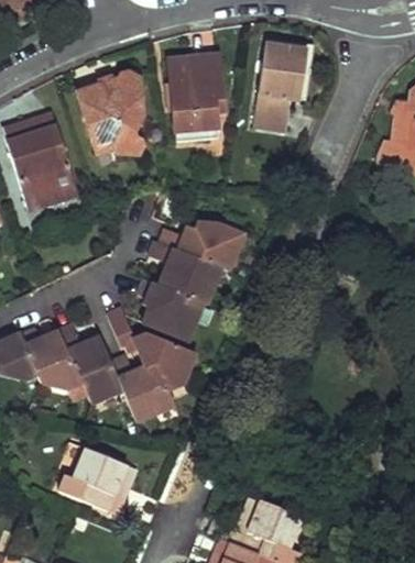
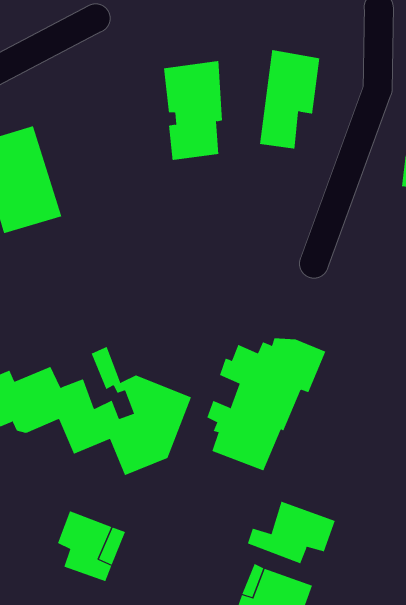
building: [81,65,144,151] -> none
building: [136,222,242,340] -> [207,338,326,471]
building: none -> [247,501,335,564]

